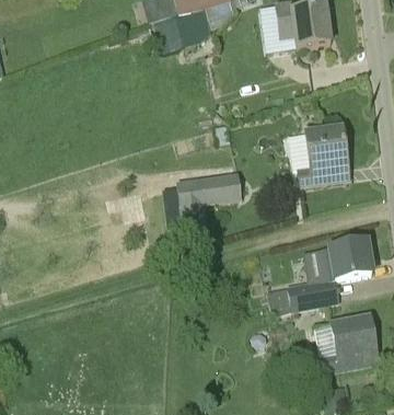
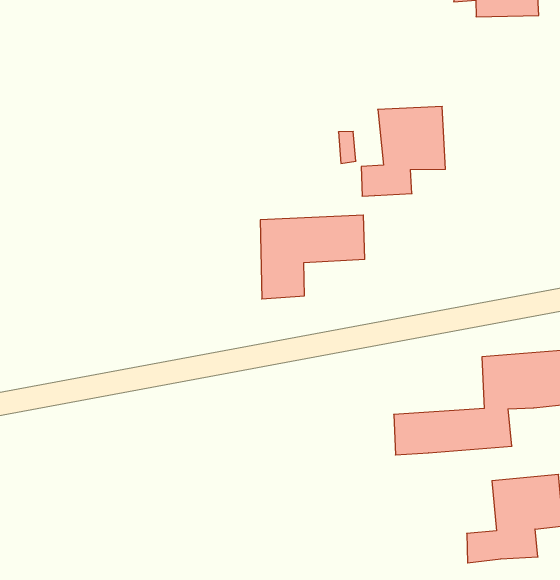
building: [297,126,347,184] -> [361,107,445,196]

